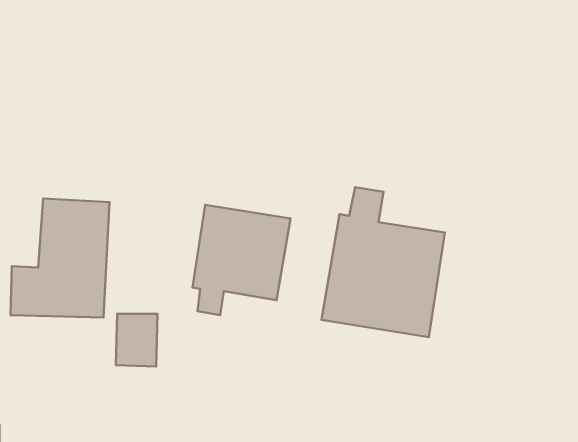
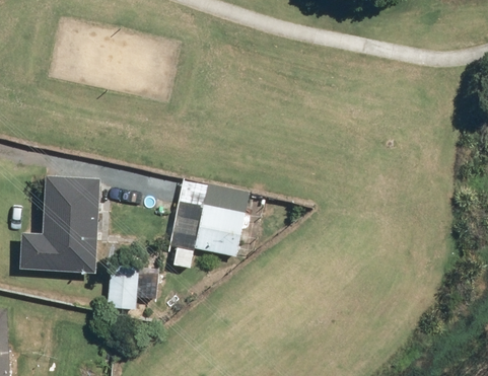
building: [321,187,445,337] -> none

